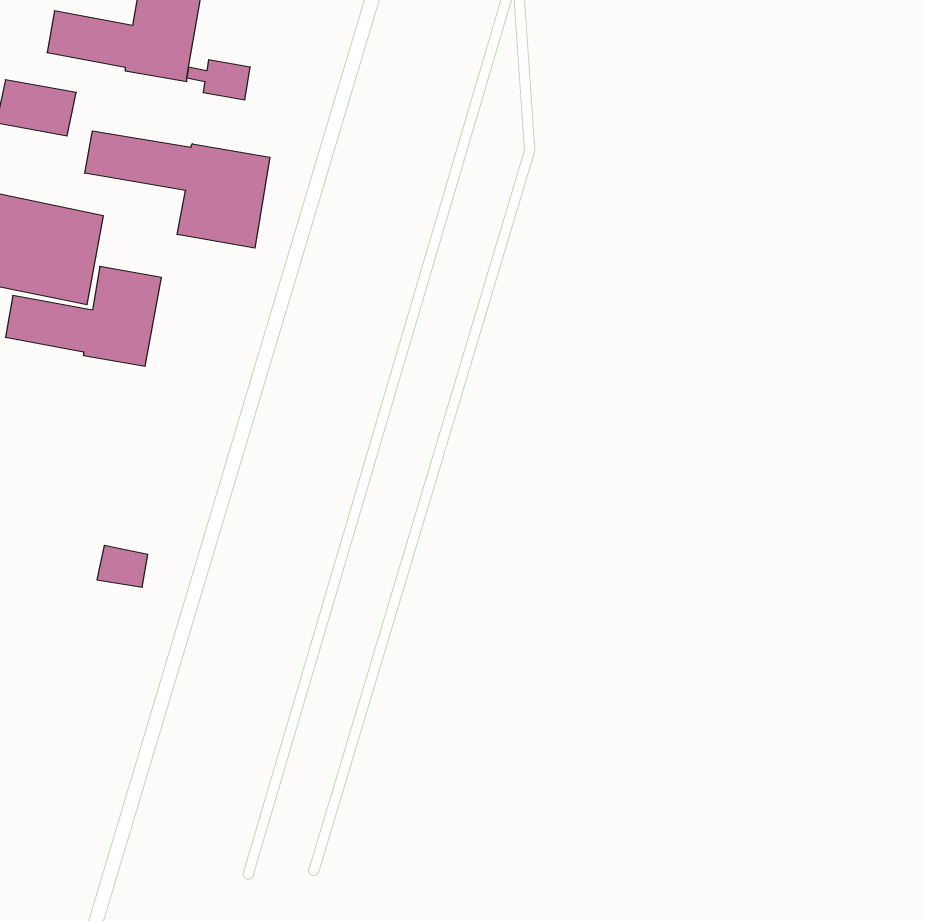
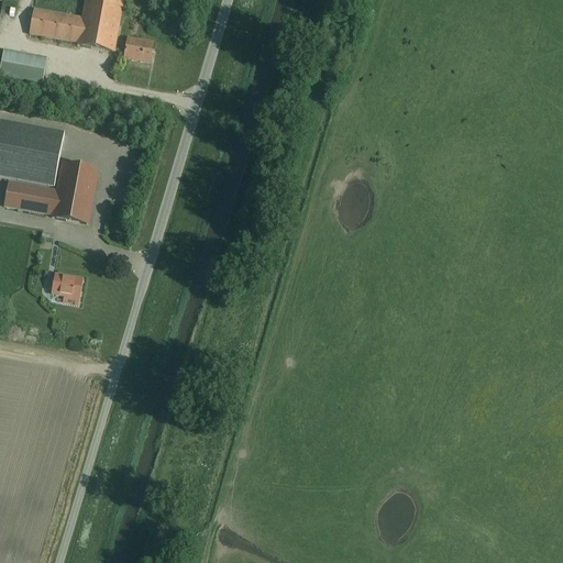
building: [85,131,270,248] -> none
building: [97,545,148,587] -> [51,272,81,297]

